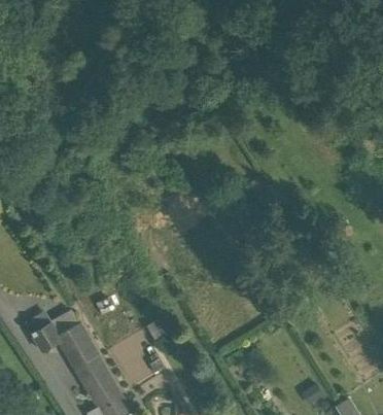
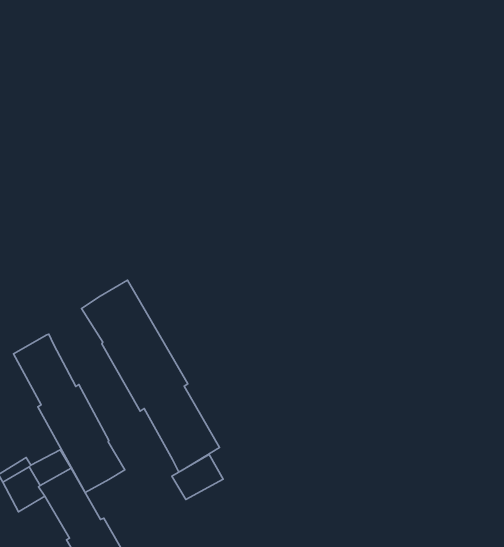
building: none -> [82,280,220,472]
building: none -> [13,334,125,493]

